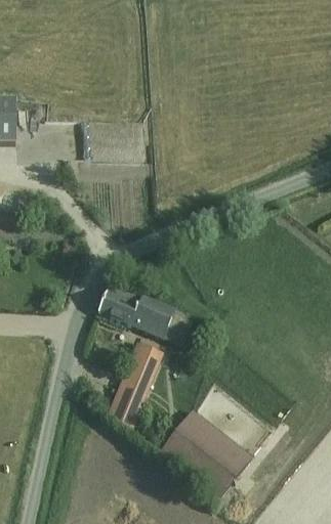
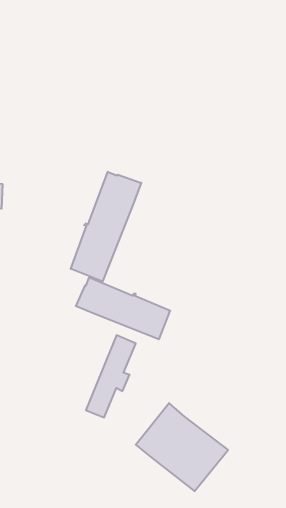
building: none -> [71,172,141,282]

